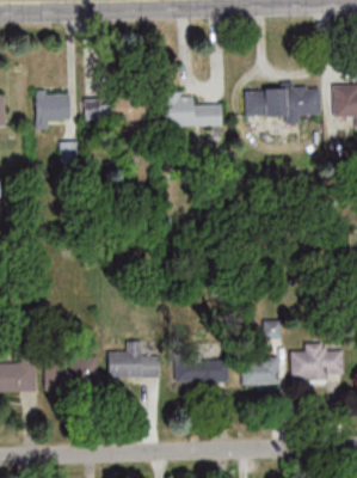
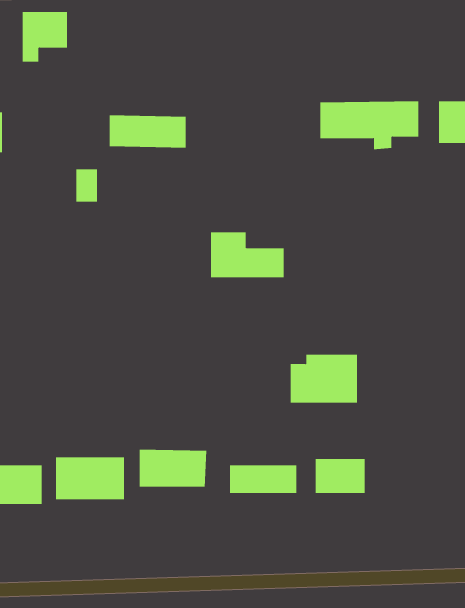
building: [36,90,70,128] -> [22,12,68,62]
building: [166,92,222,127] -> [210,232,285,278]
building: [291,344,343,381] -> [290,354,358,403]

